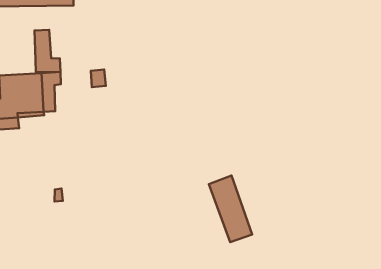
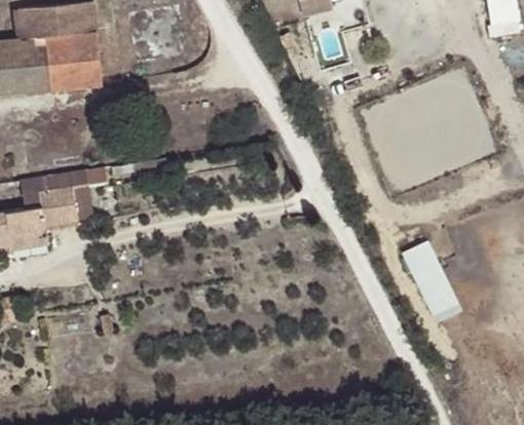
building: [34,30,61,72] -> none
building: [209,176,252,242] -> [402,236,462,320]

